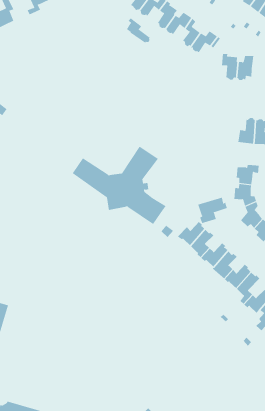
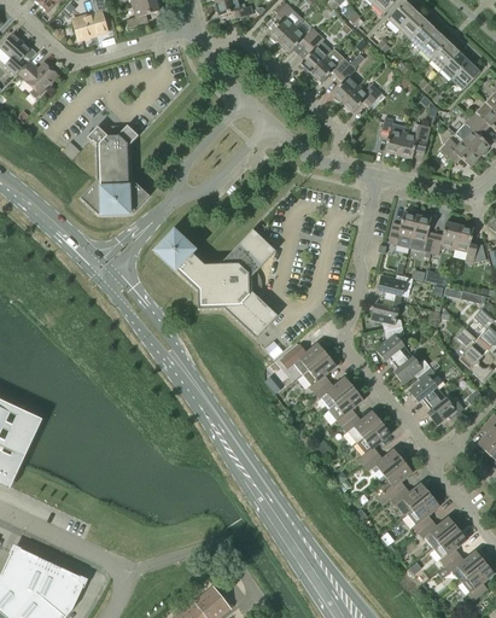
building: [126,18,150,44] -> none
building: none -> [80,124,148,222]
building: [197,197,228,224] -> none

